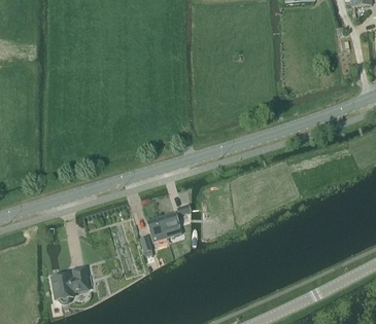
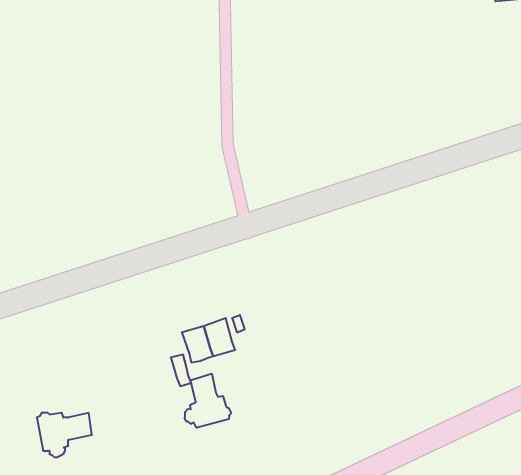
building: none -> [185,374,231,428]

